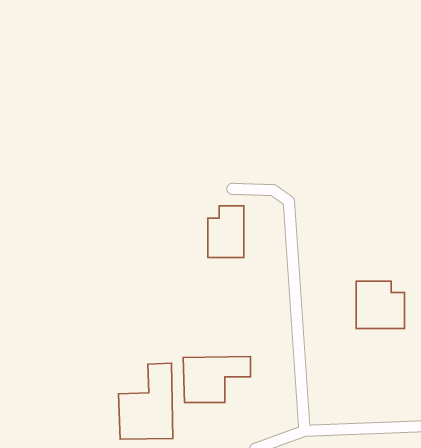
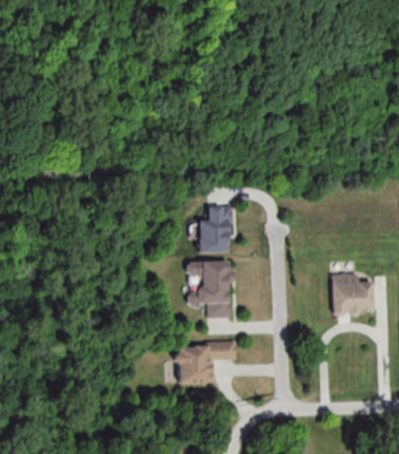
building: none -> [186,260,232,318]
building: [119,363,173,439] -> none

